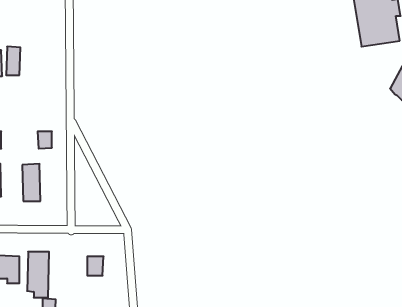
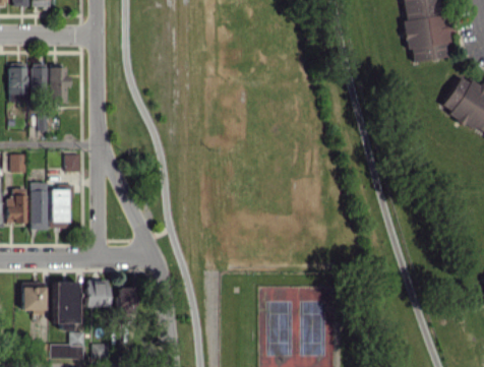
building: none -> [50,64,68,102]
building: none -> [32,183,49,230]
building: none -> [87,281,110,307]

